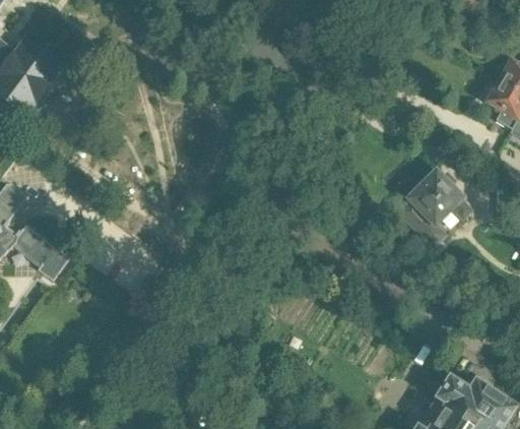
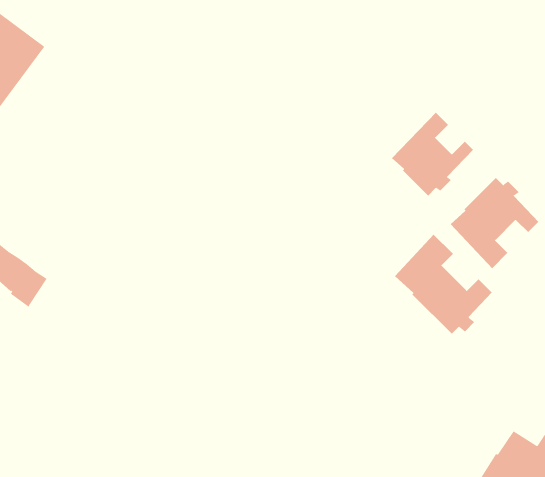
building: none -> [391,112,474,196]
building: none -> [394,234,492,335]

